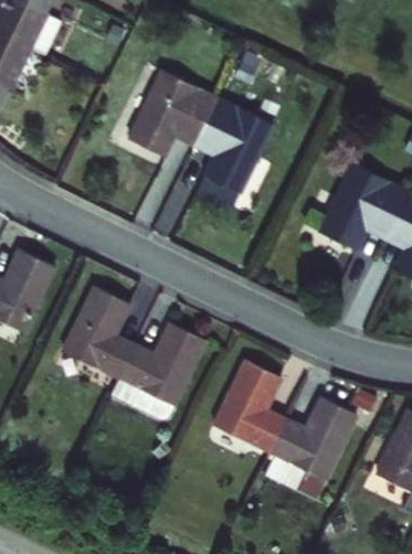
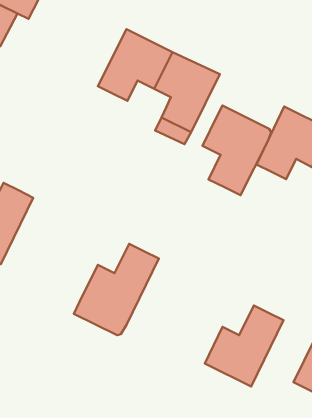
building: none -> [202,105,271,195]
building: [55,283,133,390] -> none
building: [204,358,282,464] -> none

